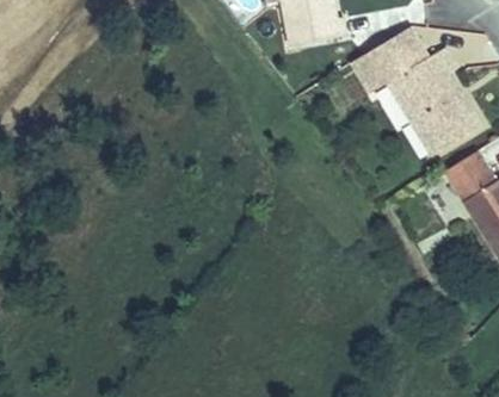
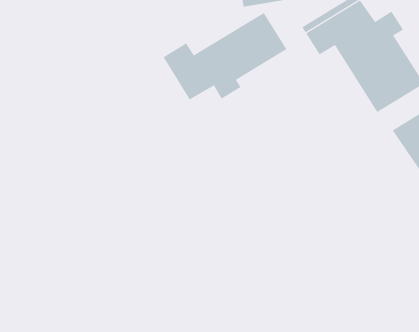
building: none -> [163,12,287,100]

